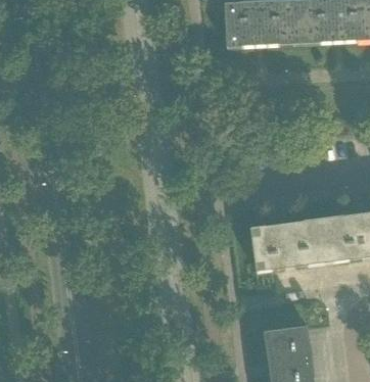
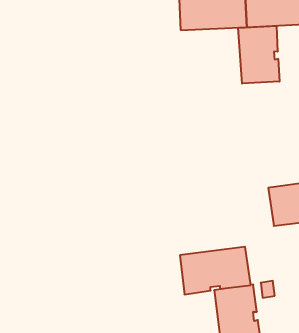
building: none -> [238,26,279,84]
building: [250,219,328,271] -> [180,247,251,294]

